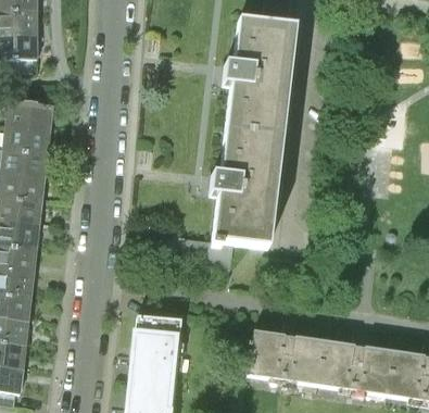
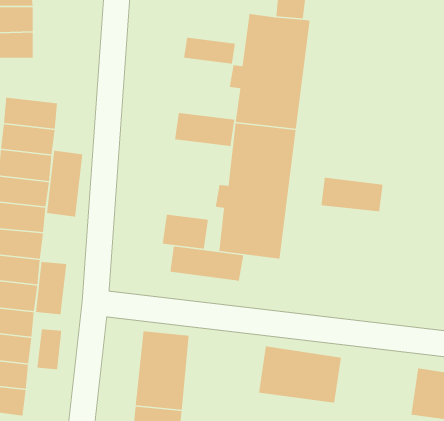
building: none -> [183,37,236,64]
building: none -> [174,112,235,147]
building: none -> [46,150,83,217]
building: none -> [321,177,383,212]
building: none -> [162,214,209,250]
building: none -> [35,261,67,315]
building: none -> [37,328,62,370]
building: [316,340,393,395] -> none

